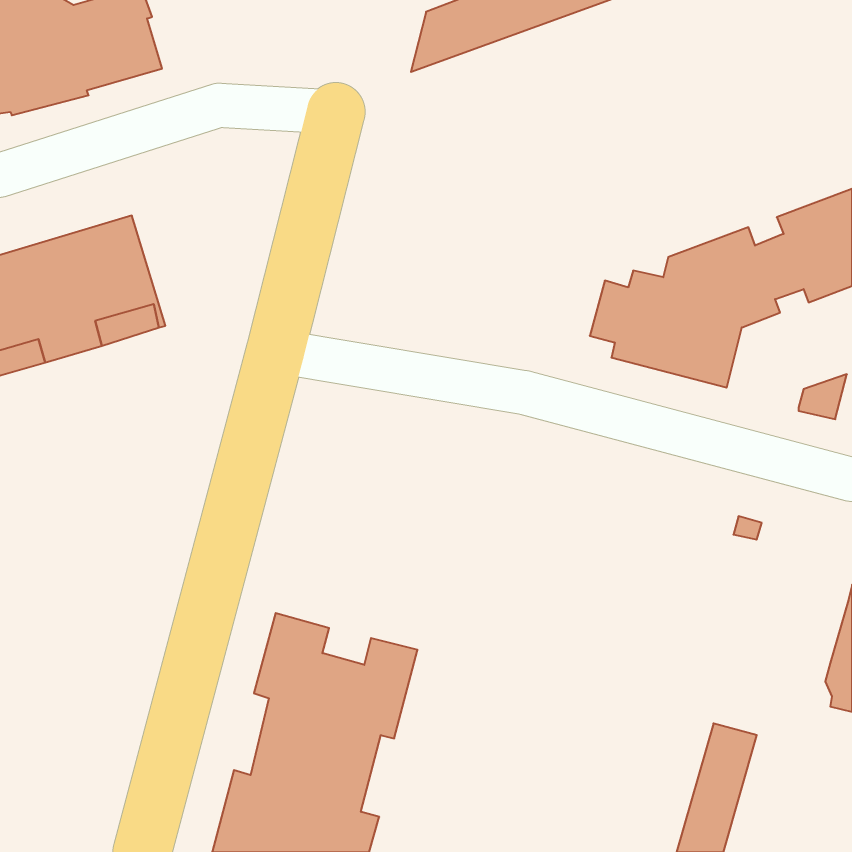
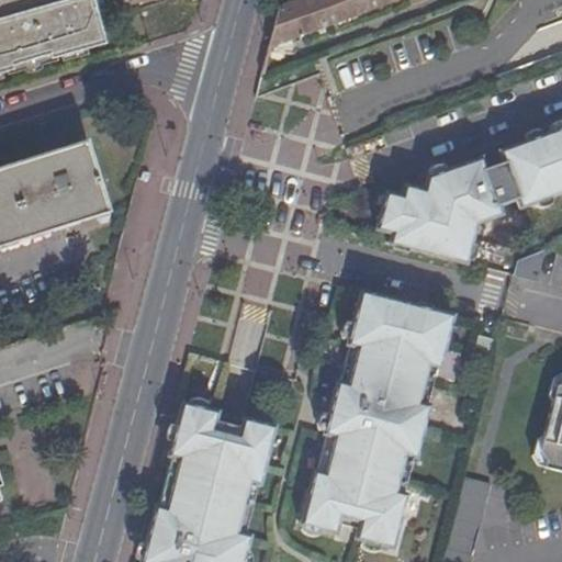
building: none -> [304,293,453,548]

